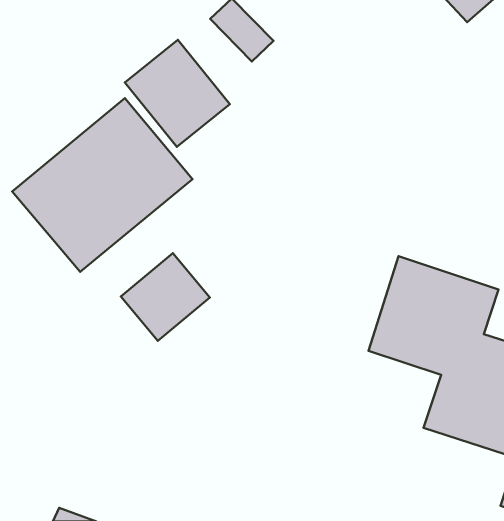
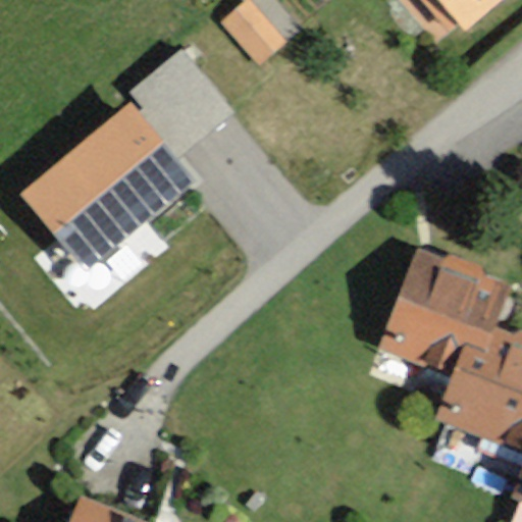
building: [121,253,210,341] -> none

